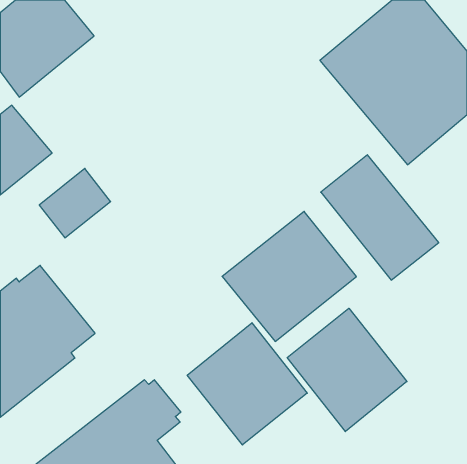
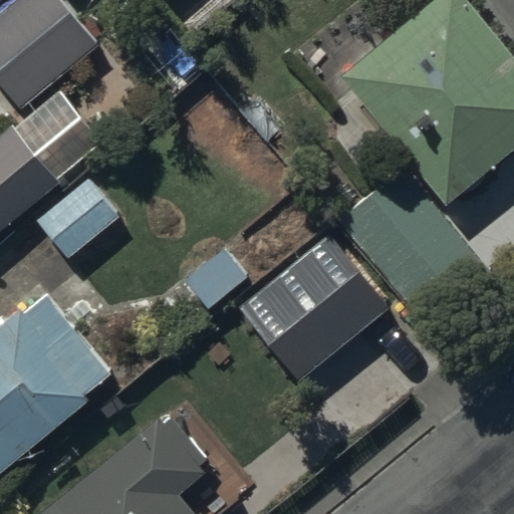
building: [287,308,407,432] -> none
building: [187,323,307,445] -> none

